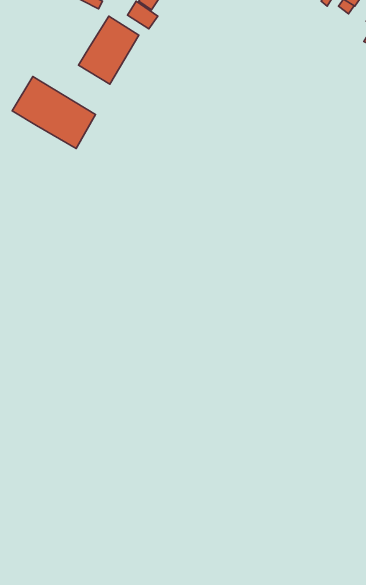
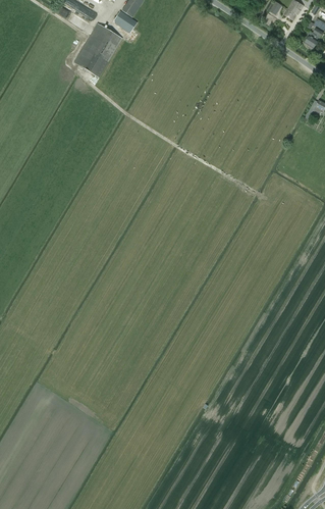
building: [12,76,95,148] -> none

